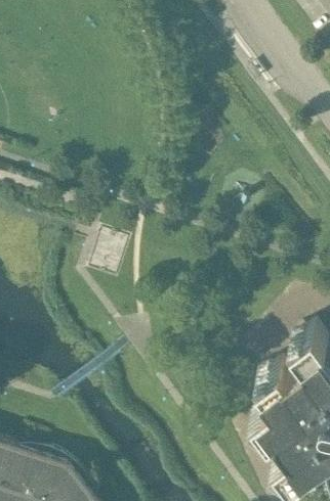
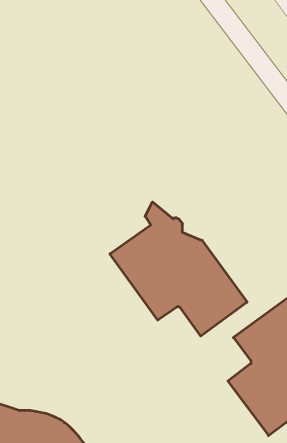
building: none -> [110,202,247,336]

